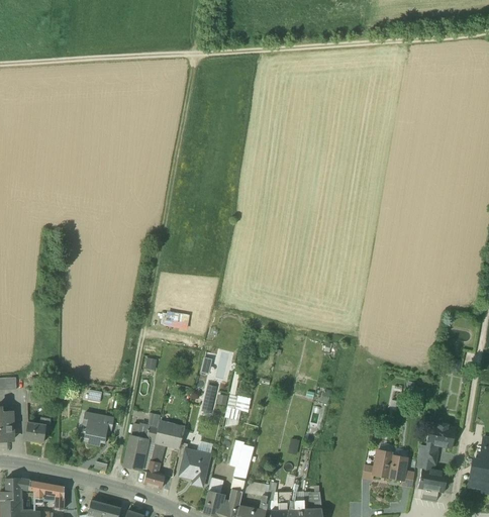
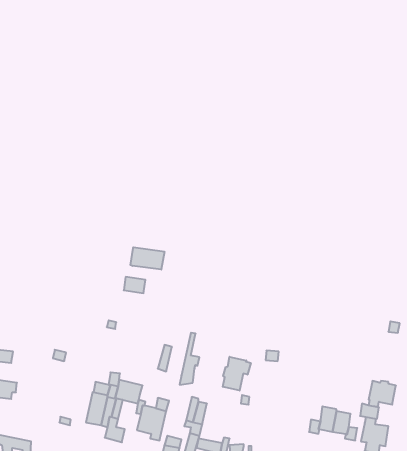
building: none -> [130,247,164,270]
building: none -> [223,357,251,391]
building: [84,412,113,445] -> none

